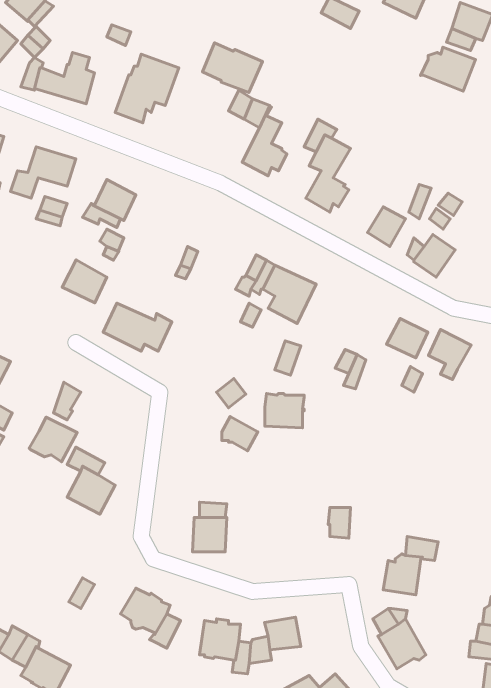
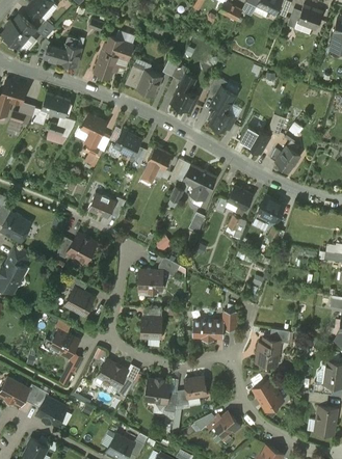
building: [202,43,262,92] -> [125,65,161,96]
building: [421,47,476,91] -> none
building: none -> [141,146,172,181]
building: [62,260,107,303] -> [113,130,140,156]
building: [428,330,471,379] -> [227,186,253,216]
building: [265,394,304,428] -> [138,270,162,291]
building: [29,417,77,462] -> [67,234,96,261]
building: none -> [191,320,223,341]
building: none -> [49,327,78,357]

